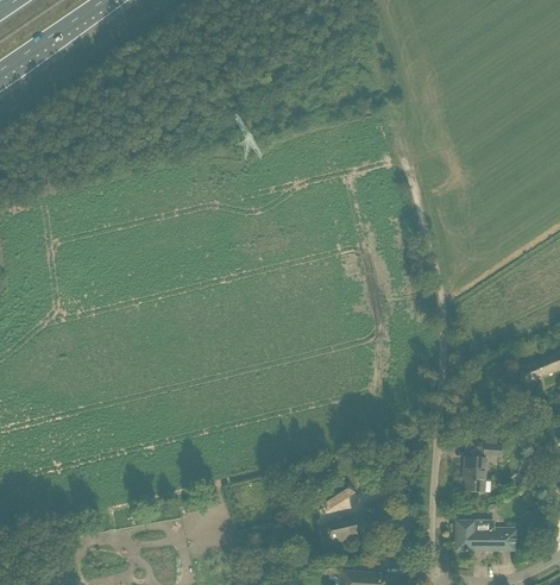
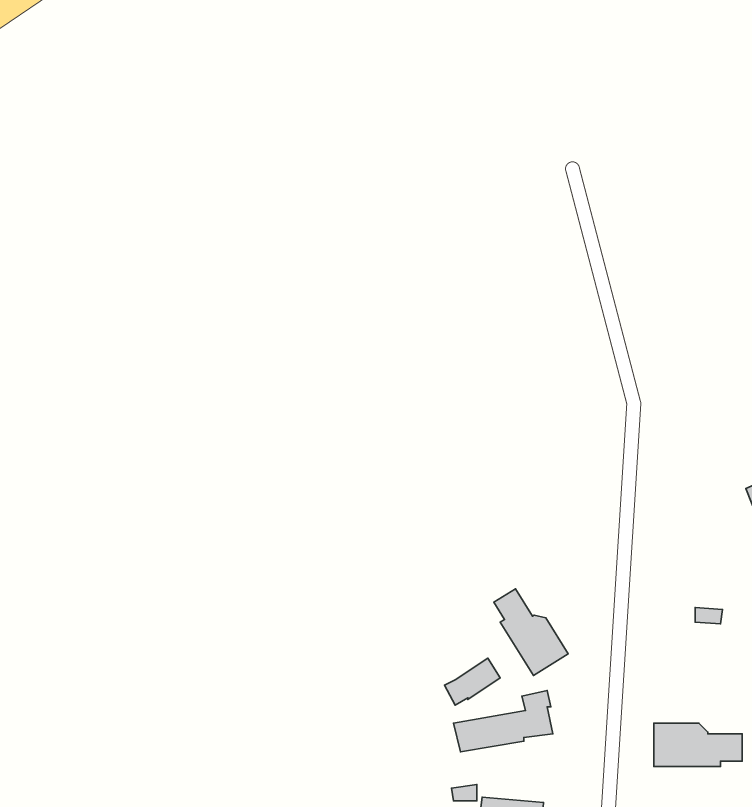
building: none -> [494,589,568,676]
building: [465,461,490,497] -> none

